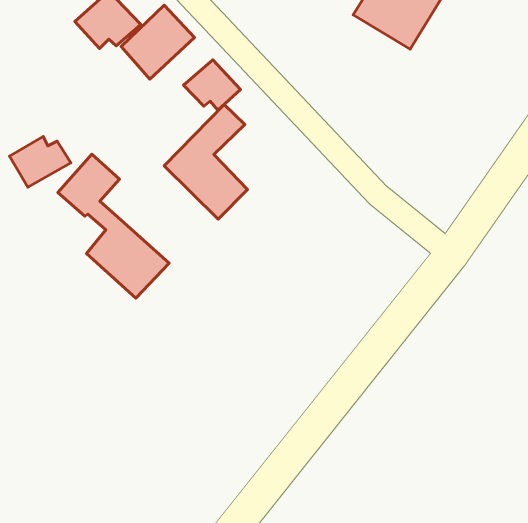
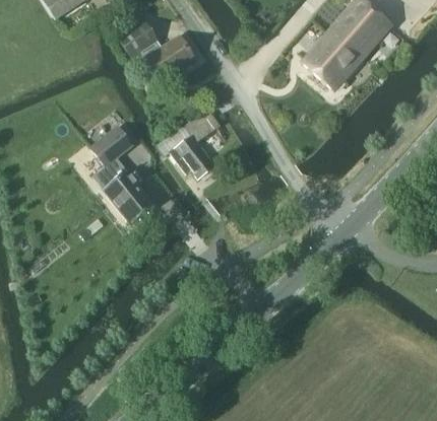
building: [184,60,241,110] -> none
building: [9,137,71,187] -> none

